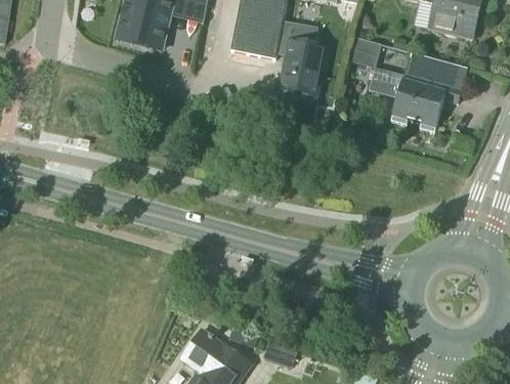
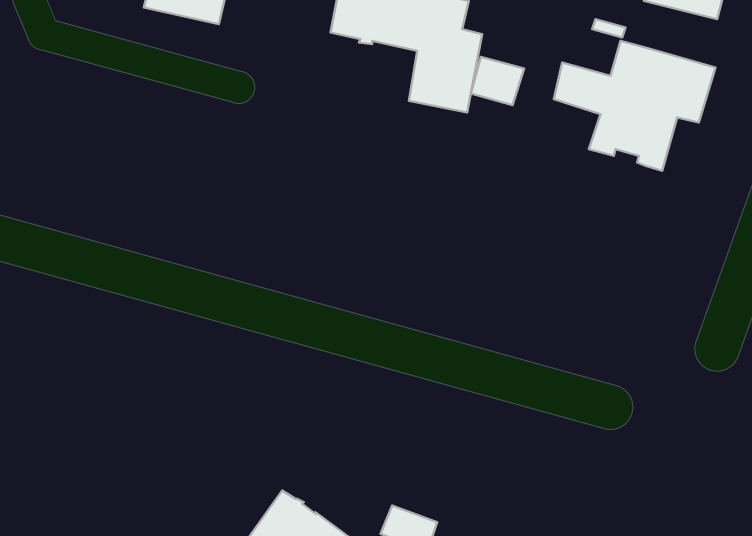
building: [349,36,382,66] -> [471,57,524,105]

